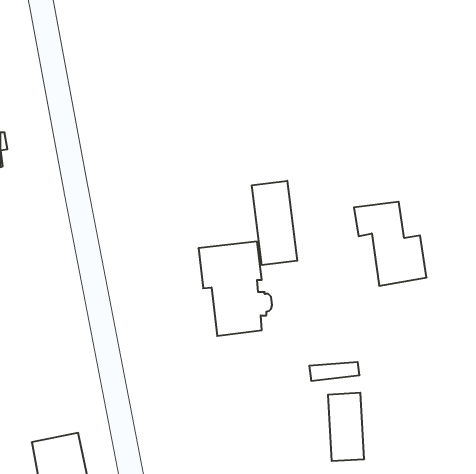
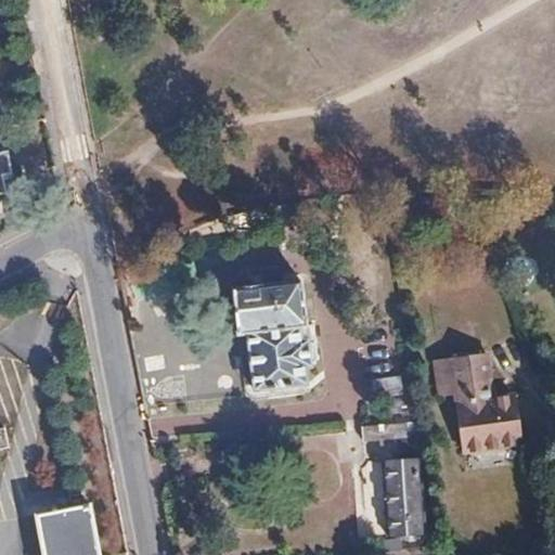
building: [252,181,297,265] -> none
building: [354,202,427,286] -> [436,351,520,449]

